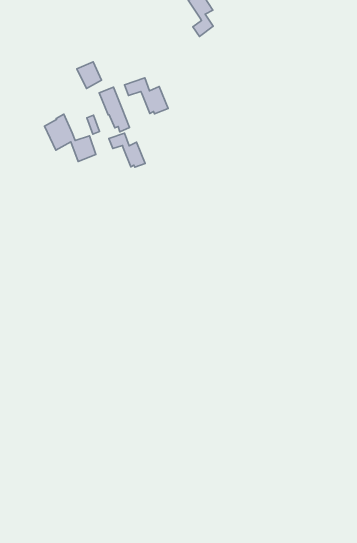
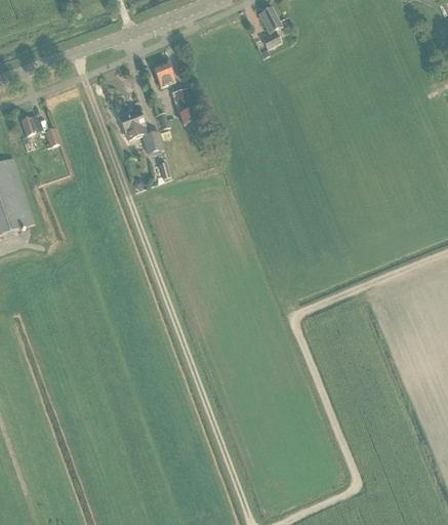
building: [124,78,168,114] -> none
building: [109,133,145,167] -> none

